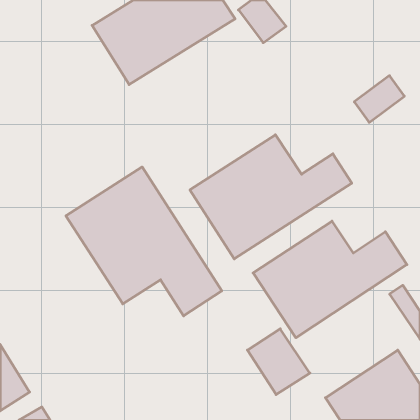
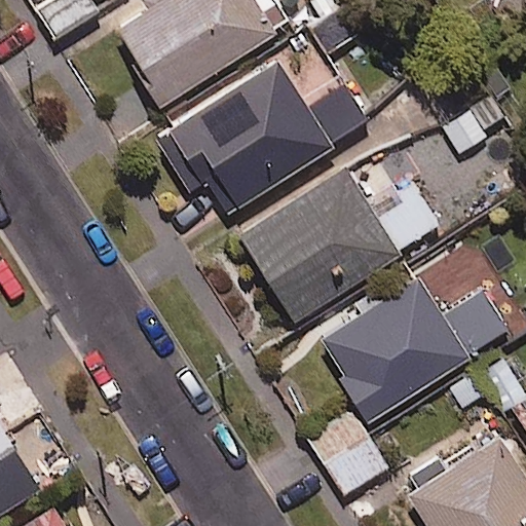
building: none -> [153,62,371,214]
building: [66,167,222,316] -> none

